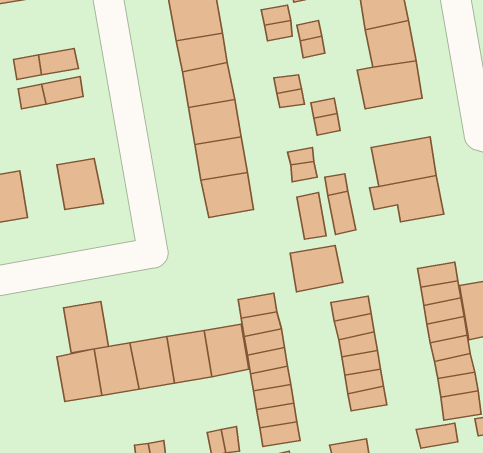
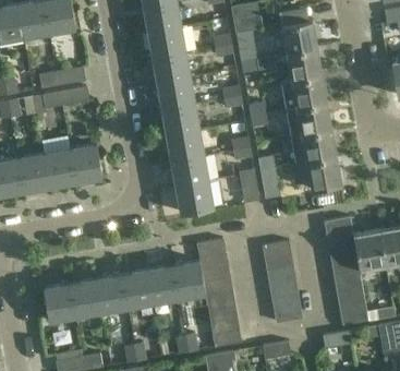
building: none -> [287,103,332,137]
building: none -> [44,149,75,187]
building: [290,245,343,292] -> [177,181,214,214]
building: [64,302,108,353] -> [44,285,75,321]

